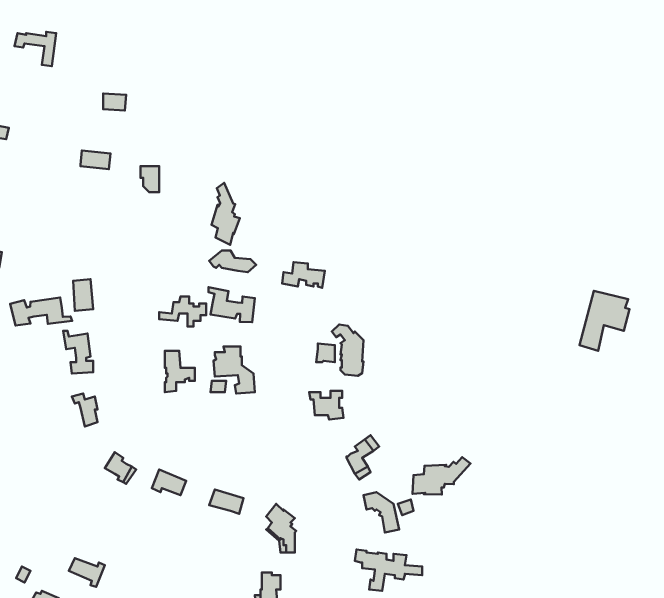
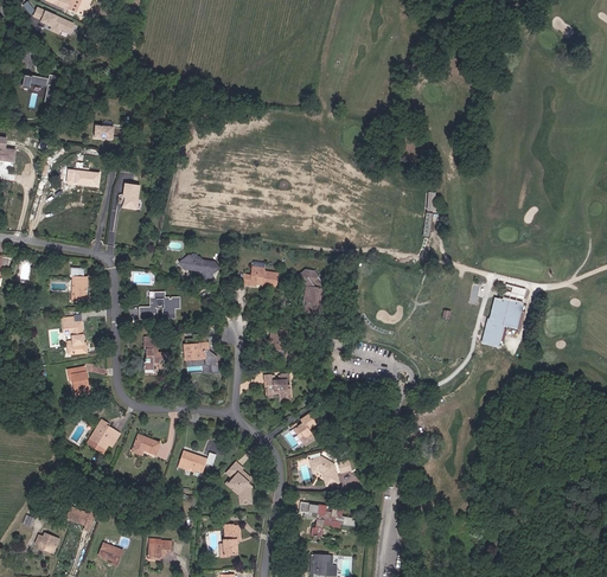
building: [212,183,240,245] -> none
building: [208,287,255,322] -> none
building: [10,297,72,326] -> none
building: [332,324,363,376] -> [295,268,321,310]
building: [412,457,470,495] -> none

